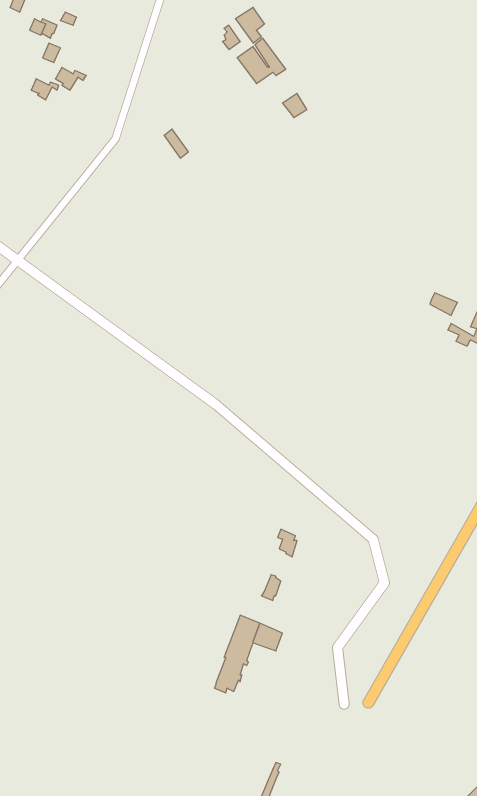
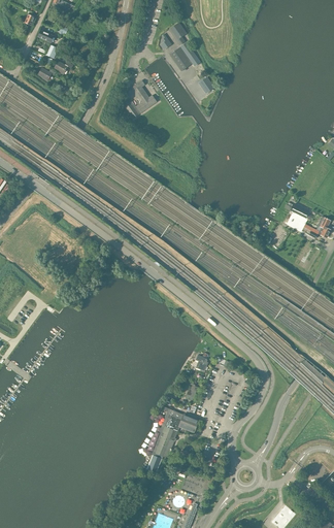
building: none -> [124,79,156,112]

